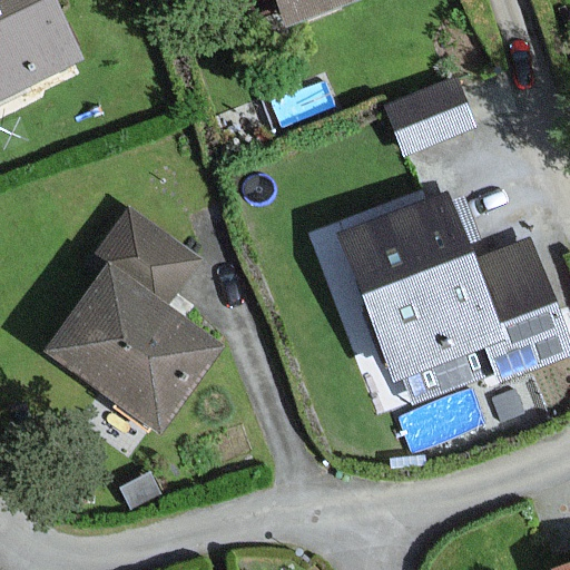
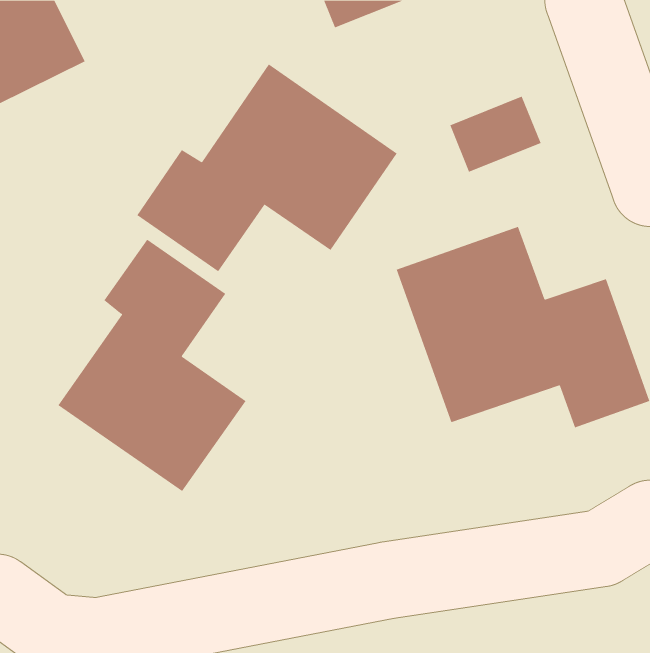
building: none -> [137,64,398,272]

